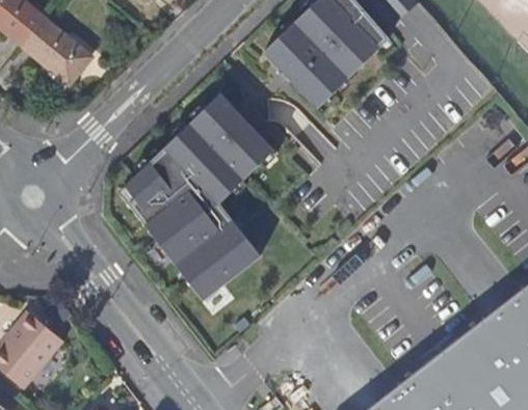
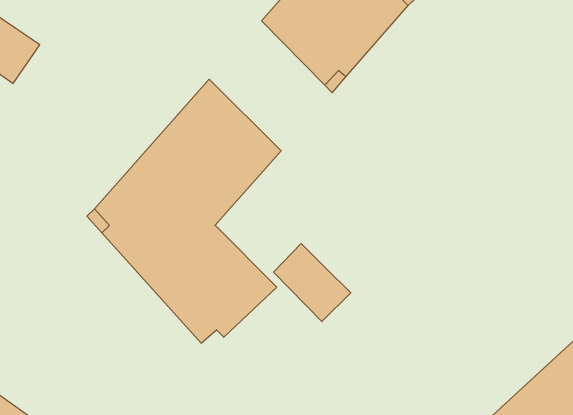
building: none -> [274,244,351,322]

